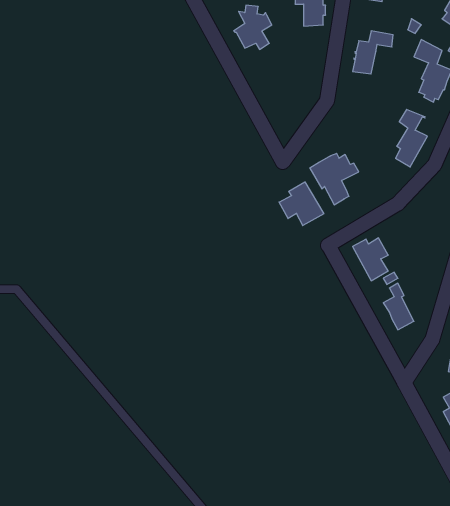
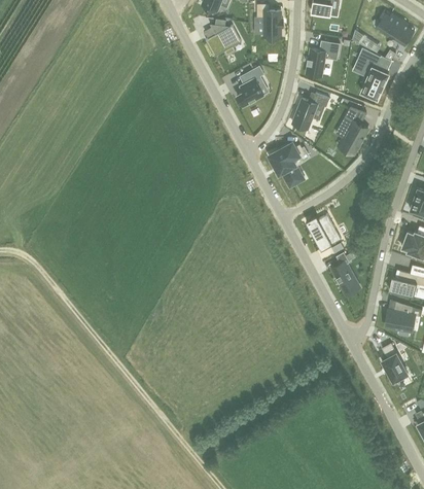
building: none -> [237,67,263,107]
building: none -> [292,94,329,130]
building: [279,182,324,226] -> none

